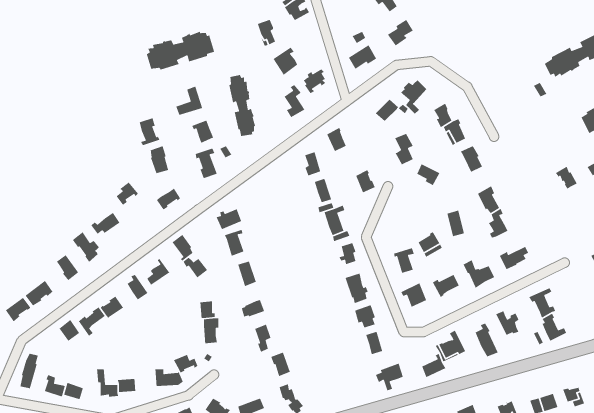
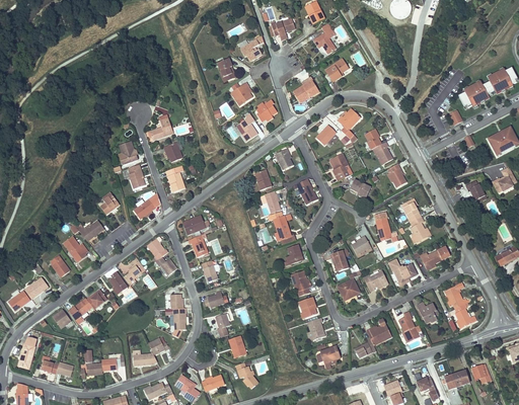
building: [146,30,215,71] -> none
building: [229,74,256,137] -> none

